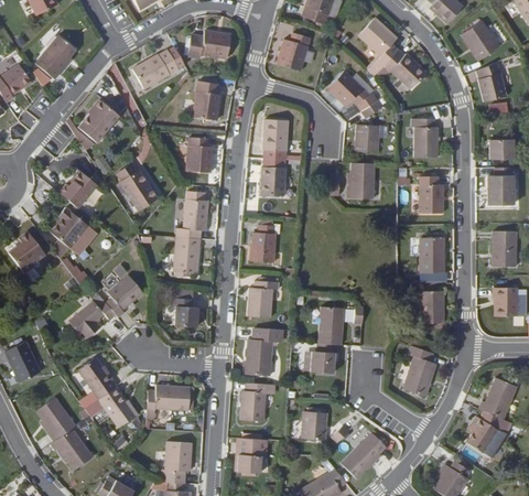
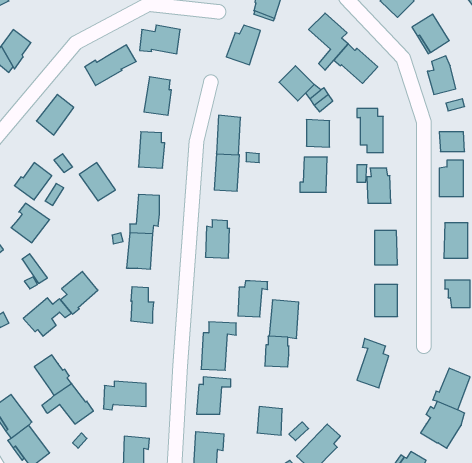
building: [248,280,278,316] -> [238,281,268,317]

